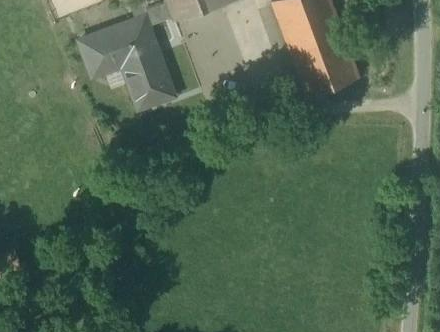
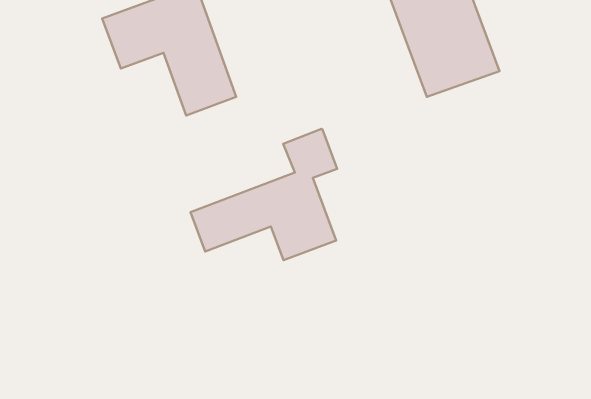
building: none -> [191,129,337,260]

